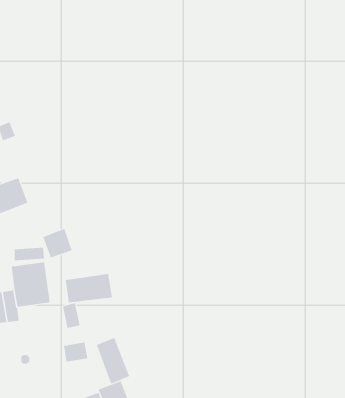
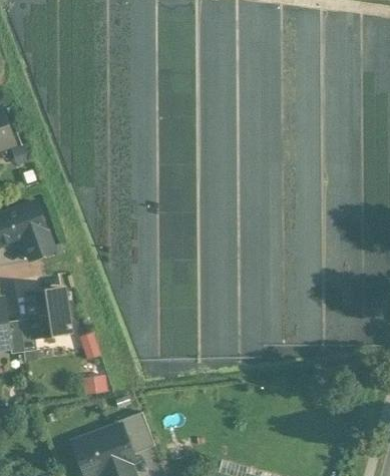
building: [42,228,72,258] -> [22,228,53,260]
building: [65,273,112,303] -> none
building: [96,337,130,384] -> none

